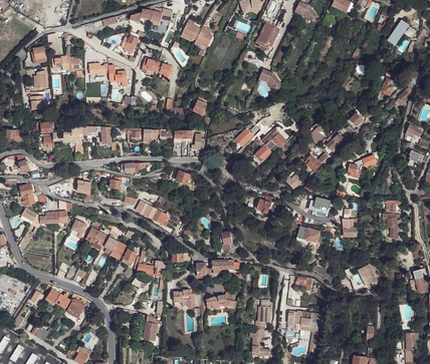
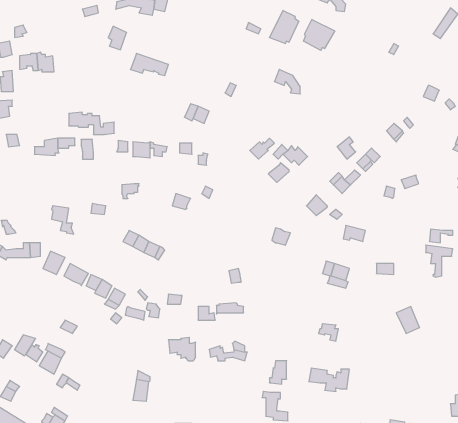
building: [183,21,213,46] -> none
building: none -> [304,19,335,50]
building: [88,62,126,80] -> [69,112,114,134]

